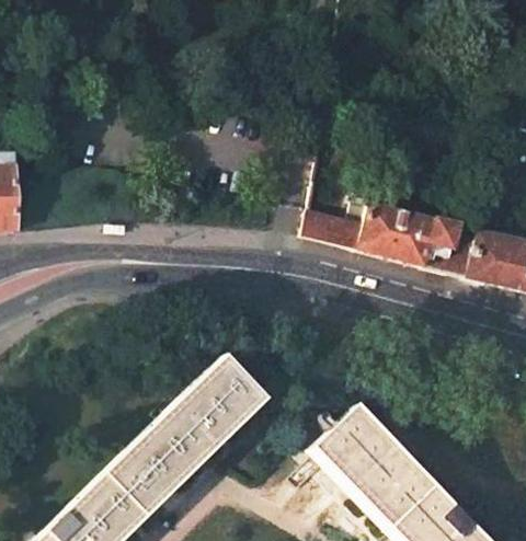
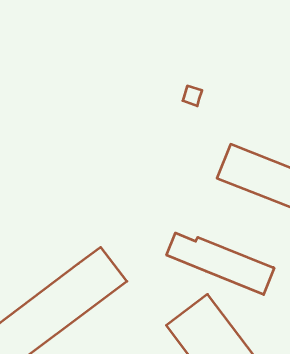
building: [304,195,370,252] -> none
building: none -> [167,233,274,295]

